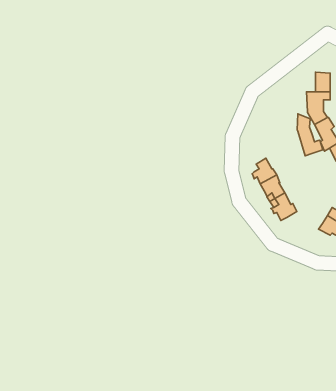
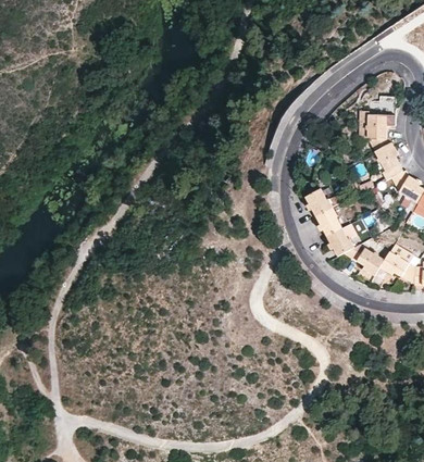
building: [297,114,323,156] -> none
building: none -> [346,246,385,276]

